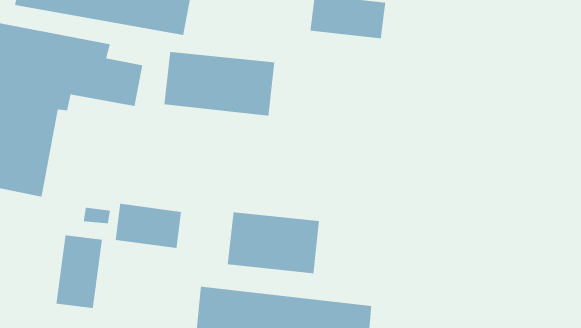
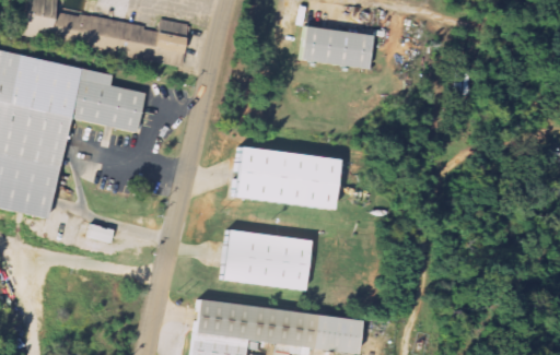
building: [164,51,275,116] -> [233,146,338,208]
building: [115,203,182,249] -> none
building: [55,234,103,309] -> none

